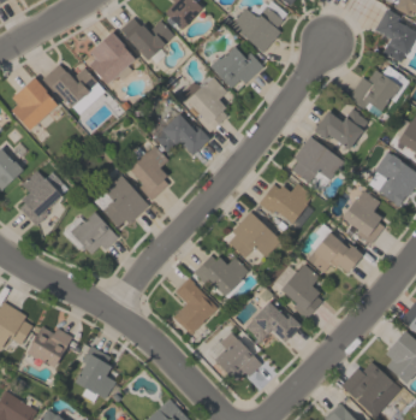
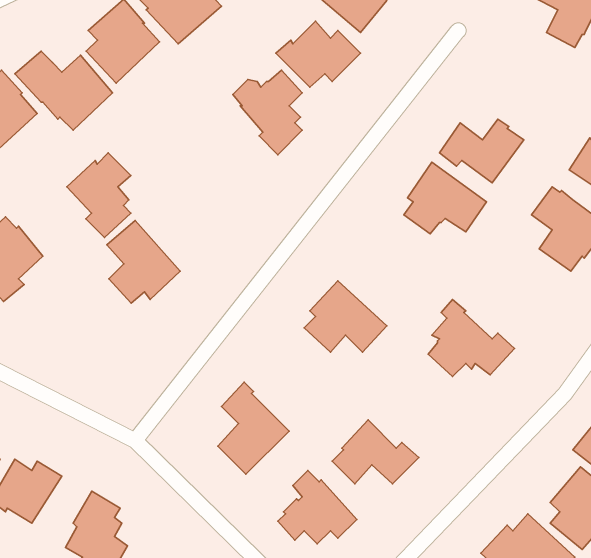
building: [349,65,405,112] -> none
building: [155,114,210,155] -> none
building: [129,146,170,200] -> [67,153,131,238]
building: [257,183,314,224] -> none
building: [341,190,385,244] -> none
building: [71,212,119,254] -> none
building: [195,255,249,298] -> none
building: [273,265,323,320] -> none

